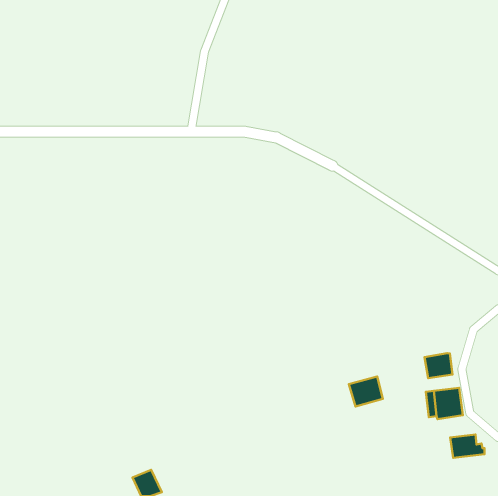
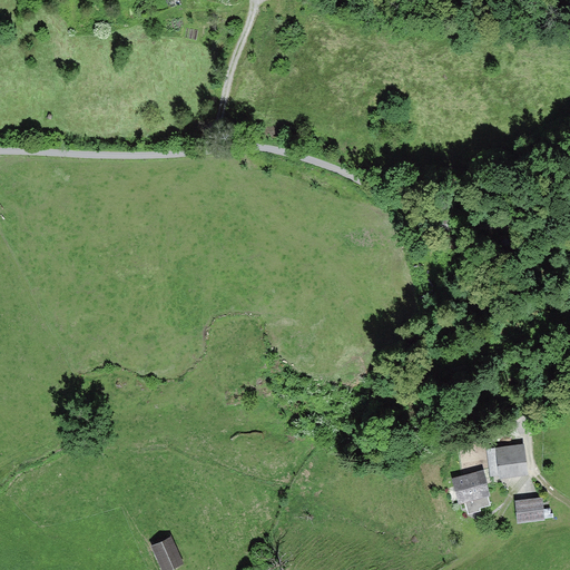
building: [425,353,453,378] -> none
building: [349,376,383,407] -> [451,470,490,504]

